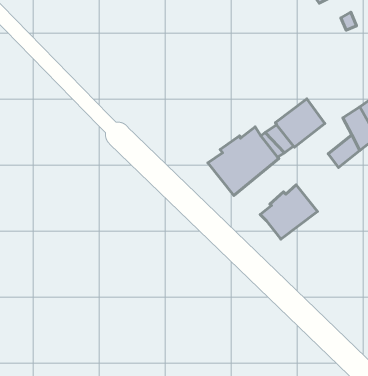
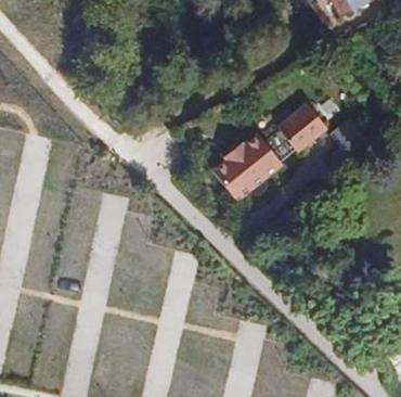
building: [260,185,317,239] -> none

